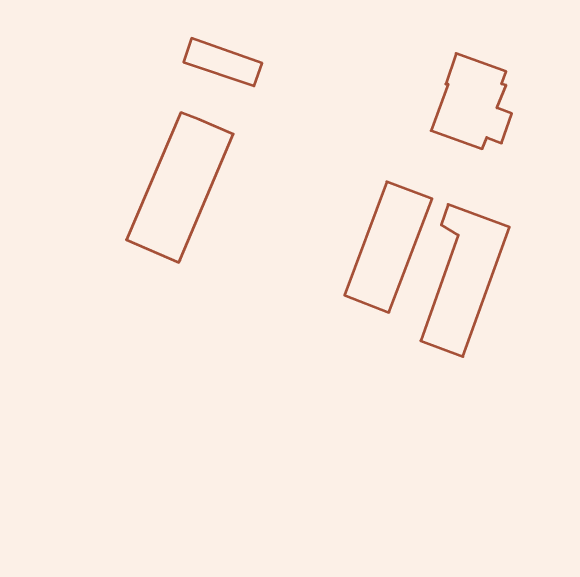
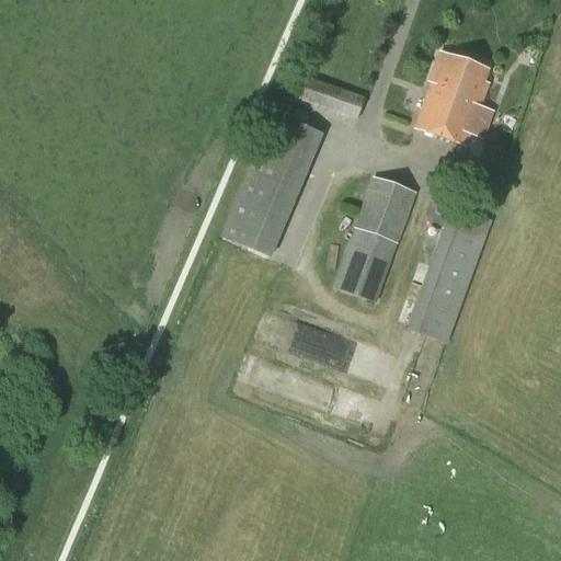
building: [184,38,262,86] -> [290,72,366,118]
building: [126,113,233,262] -> [220,112,323,256]

